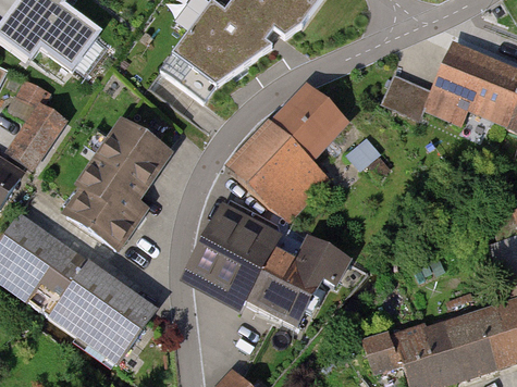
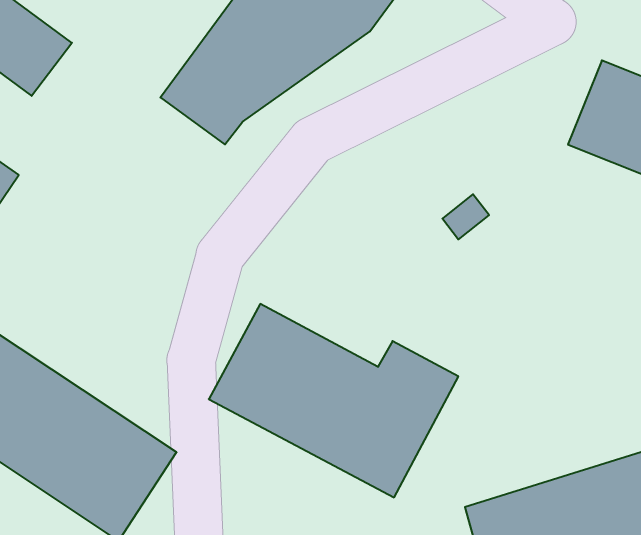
building: [382,71,434,117] -> none
building: [234,84,354,216] -> none
building: [65,120,168,247] -> none

